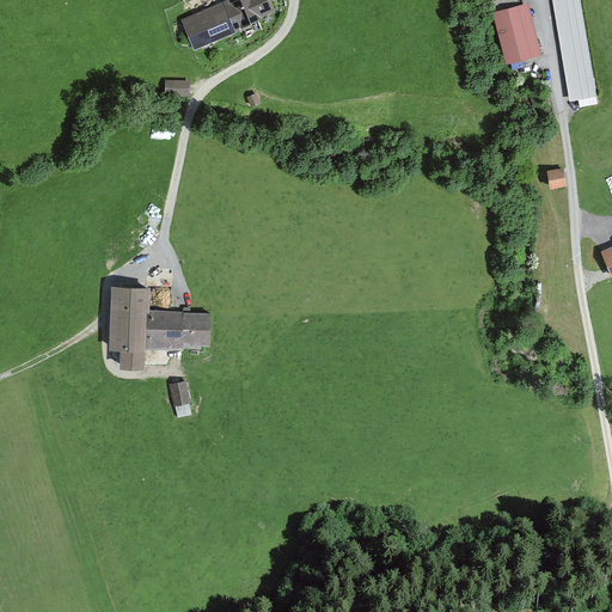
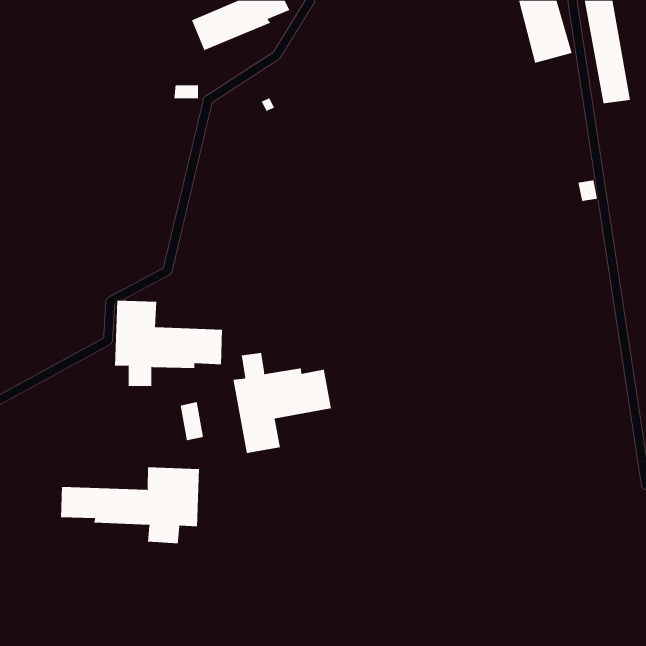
building: none -> [233,352,331,454]
building: none -> [60,467,199,544]

